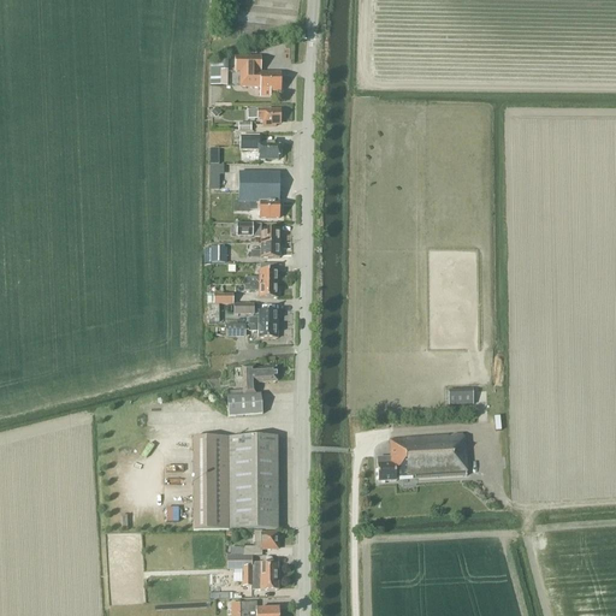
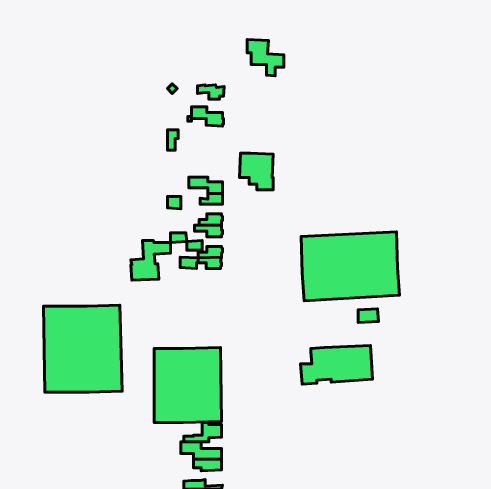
building: [236,53,282,99] -> [247,39,284,76]
building: [238,170,280,215] -> [240,153,273,190]
building: none -> [301,232,399,301]
building: [227,363,277,413] -> [131,241,170,280]
building: none -> [44,305,122,392]

